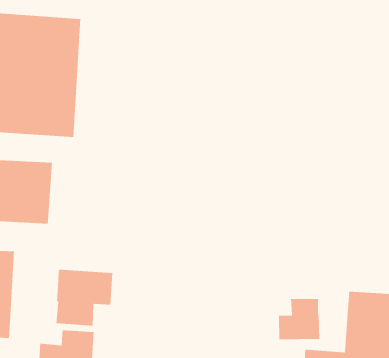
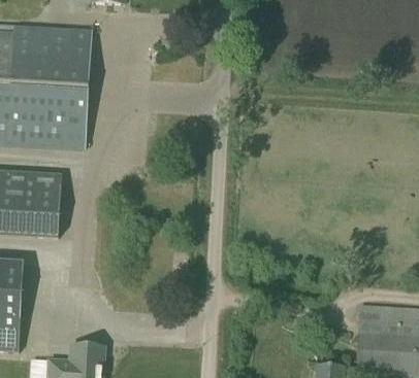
building: [56,269,113,326] -> none
building: [278,298,320,340] -> none

